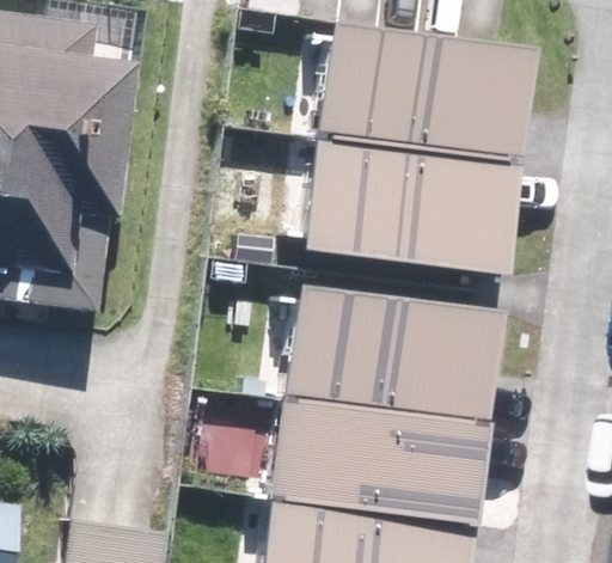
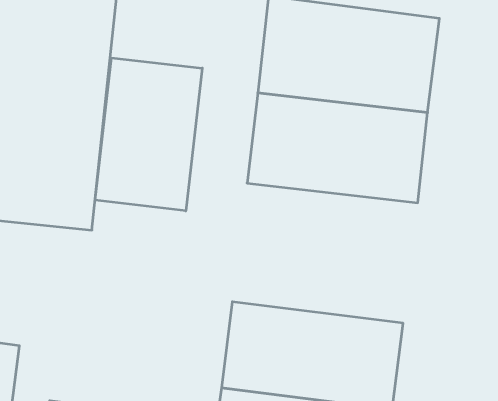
building: none -> [95,58,202,211]
building: [283,283,506,422] -> none

